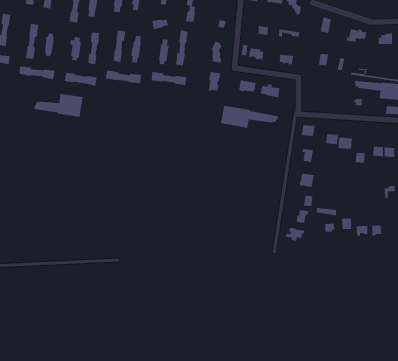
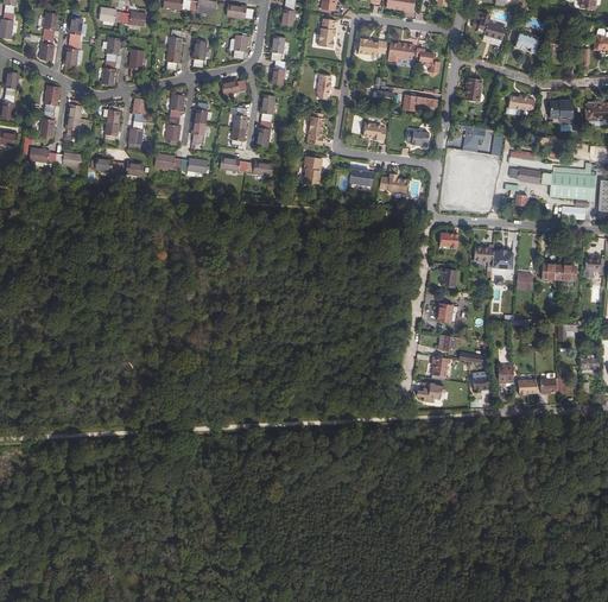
building: [34,93,83,118] -> none
building: [220,105,279,129] -> none

